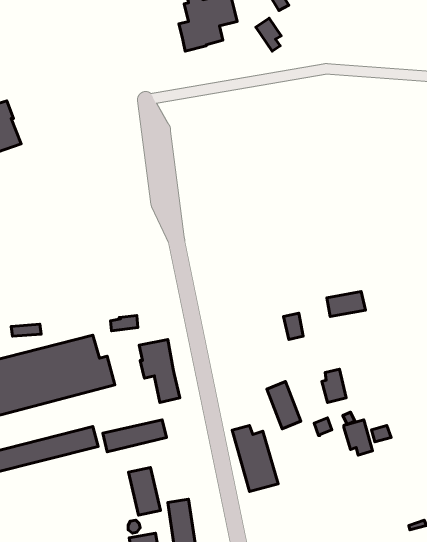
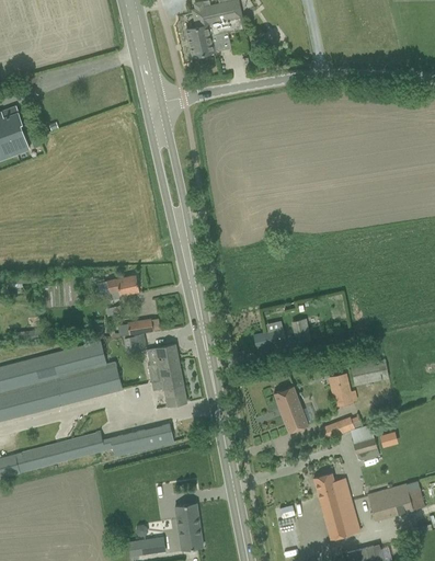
building: none -> [107,275,138,299]
building: [327,291,365,317] -> [351,359,389,385]
building: none -> [252,329,286,351]
building: [232,426,278,492] -> [312,473,358,539]
building: [128,468,160,515] -> none
building: none -> [367,481,424,520]

